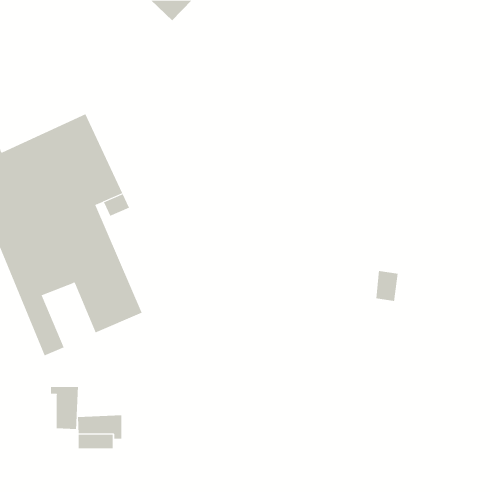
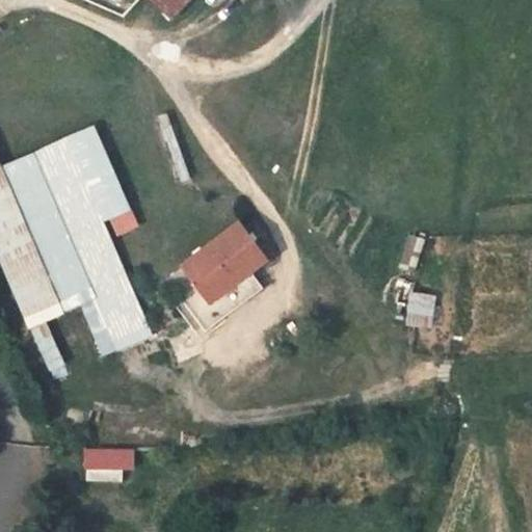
building: none -> [181,224,266,302]
building: [51,386,79,430] -> none

